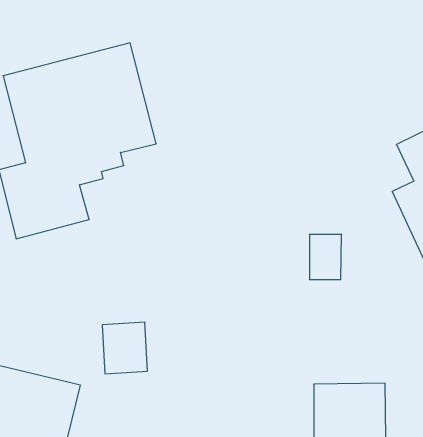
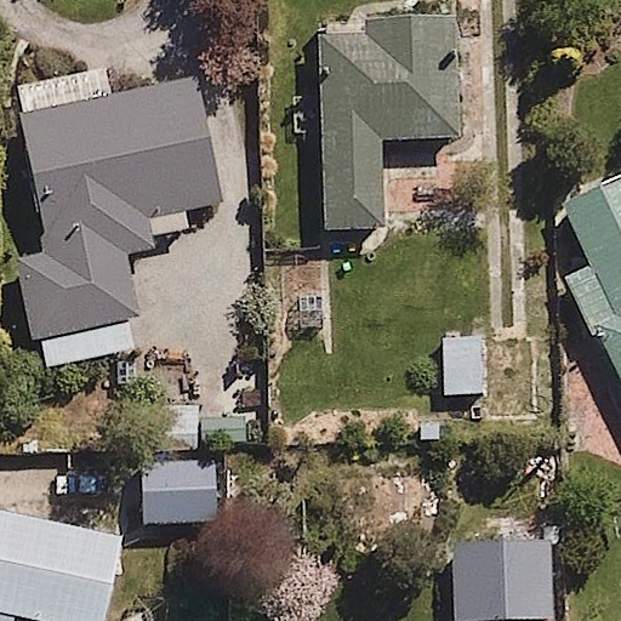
building: none -> [317,13,467,244]

